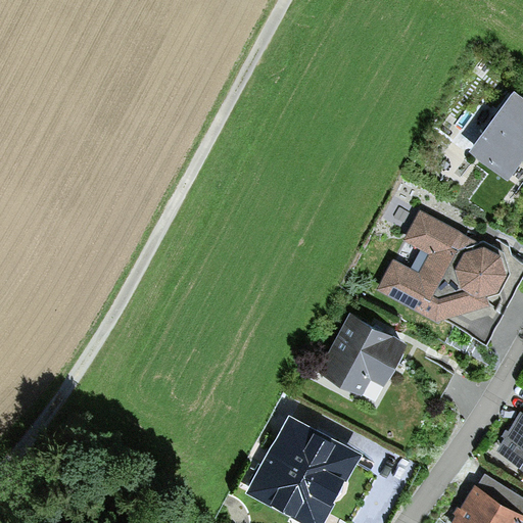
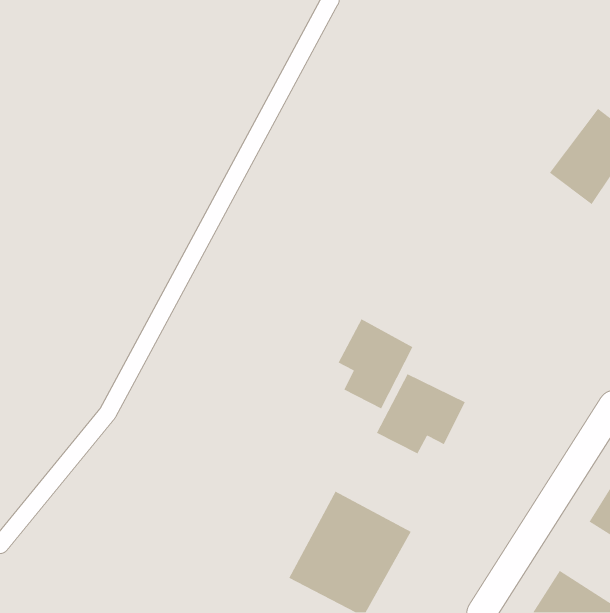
building: [379,212,504,321] -> none
building: none -> [338,318,414,410]

